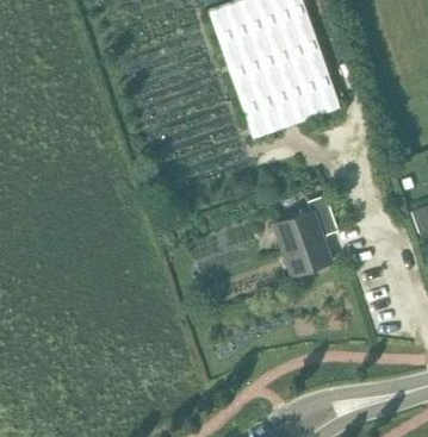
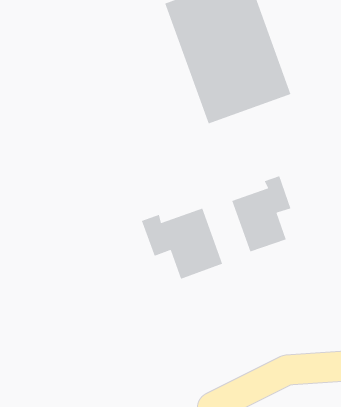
building: none -> [141,207,223,280]

